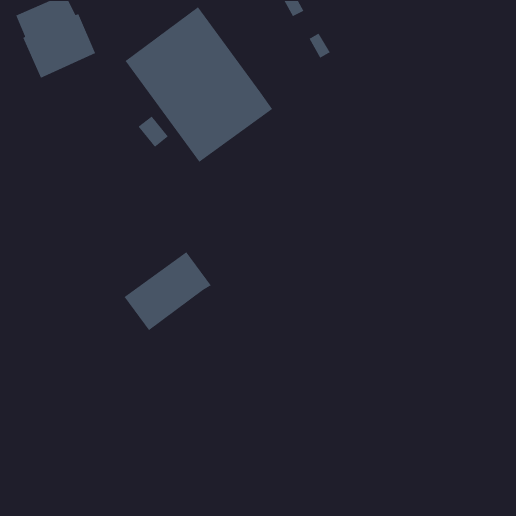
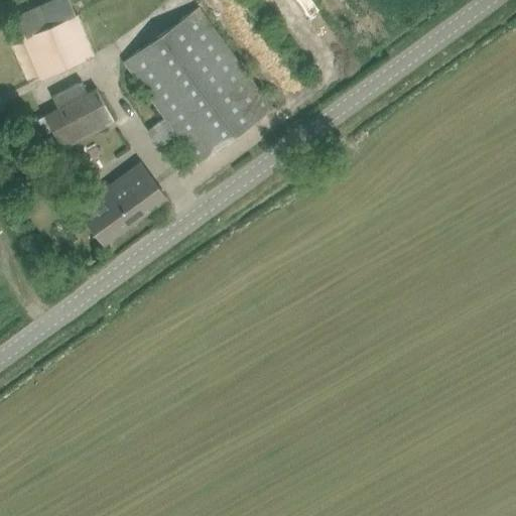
building: none -> [27,82,115,150]
building: [124,251,212,331] -> [79,164,166,244]

